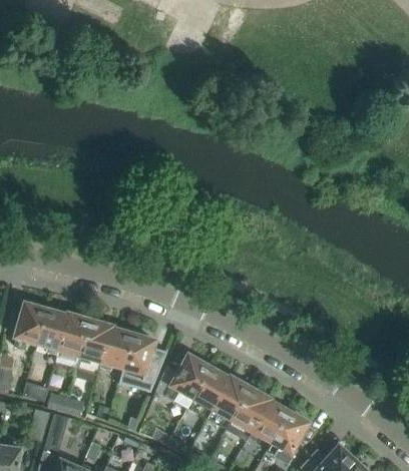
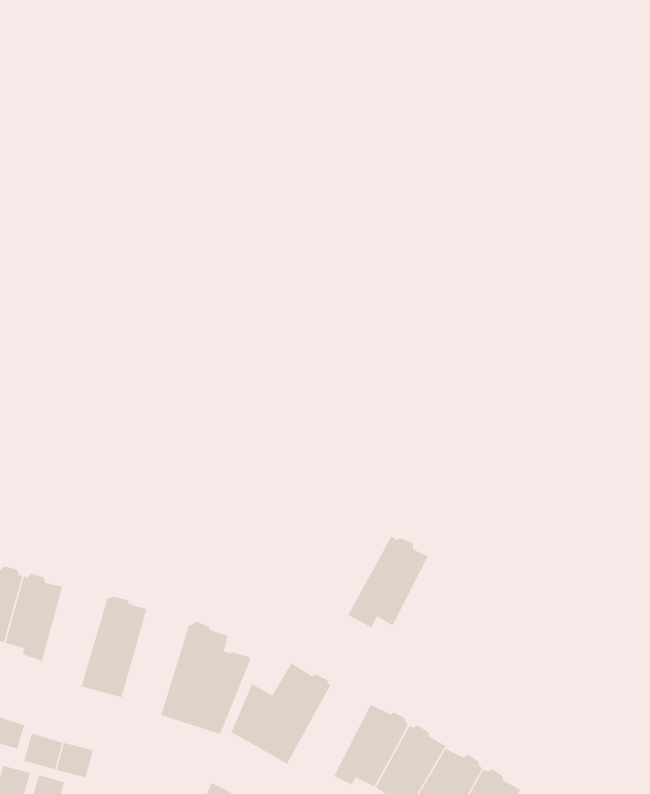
building: [54,313,90,367] -> none
building: [100,327,133,369] -> none
building: [185,366,229,415] -> [347,535,429,628]

